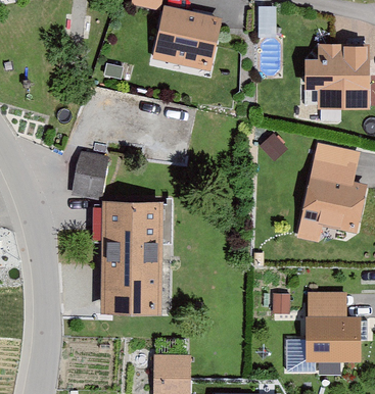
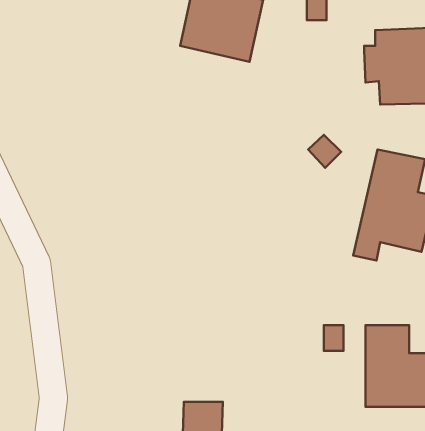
building: [74,154,105,197] -> none
building: [101,201,161,311] -> none

